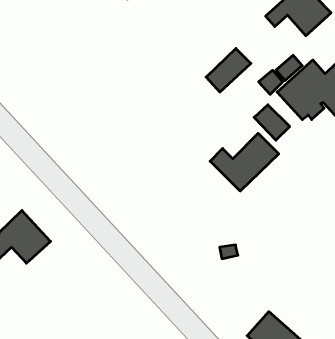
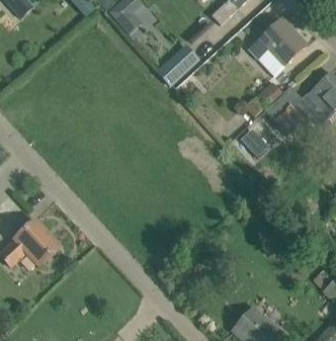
building: [206,48,251,92] -> [157,45,196,83]
building: [210,133,279,191] -> none

